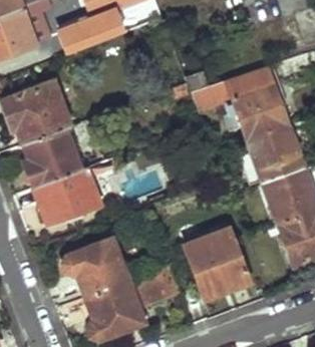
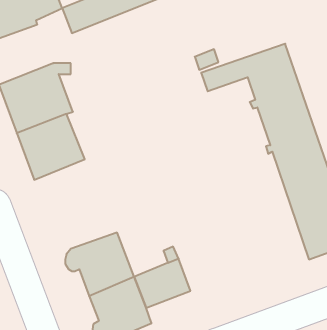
building: [35,160,118,231] -> none
building: [183,229,250,301] -> none

